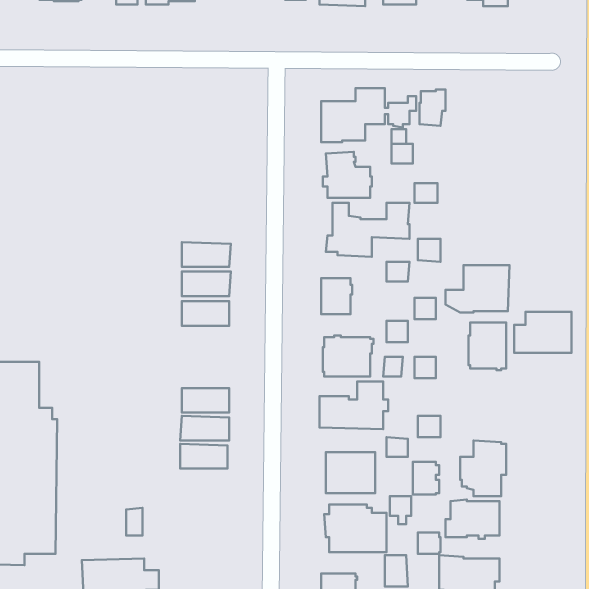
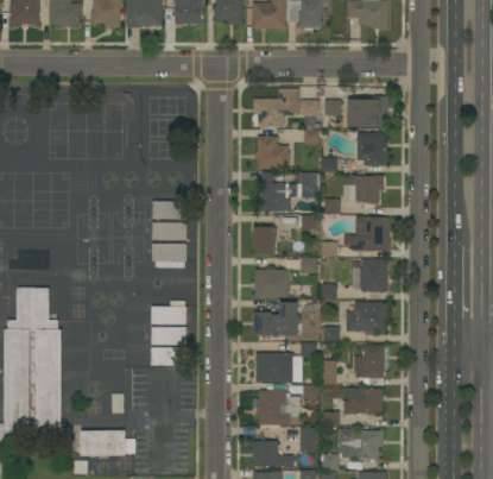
building: none -> [347,96,388,128]
building: none -> [356,133,387,166]
building: none -> [349,175,384,204]
building: [514,312,571,353] -> [346,302,387,332]

